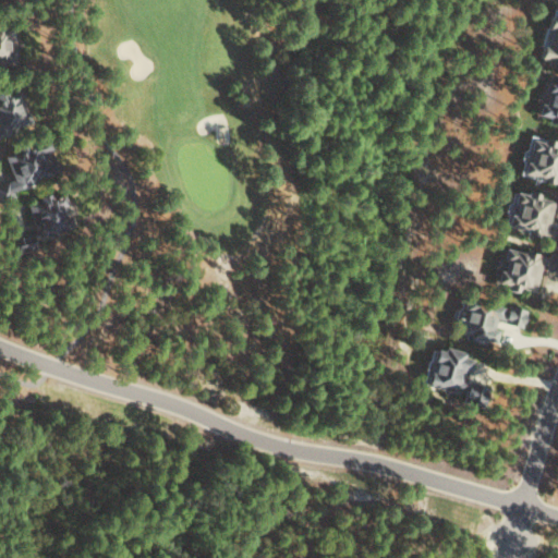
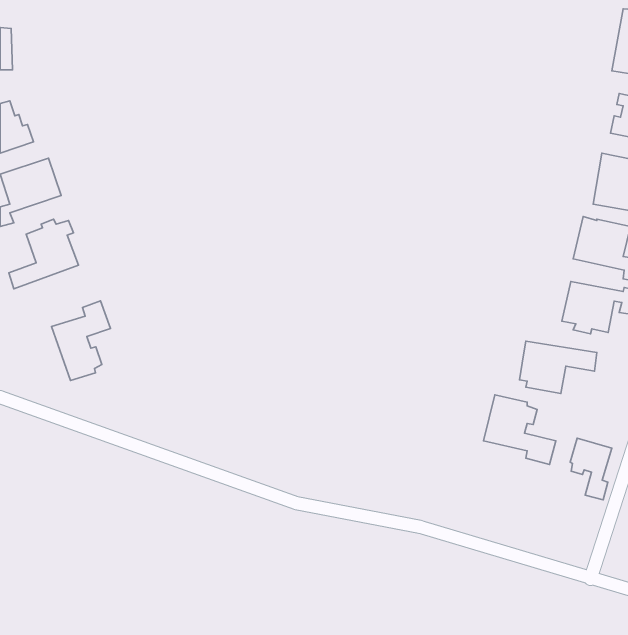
building: none -> [52,301,110,381]
building: none -> [570,438,612,500]

